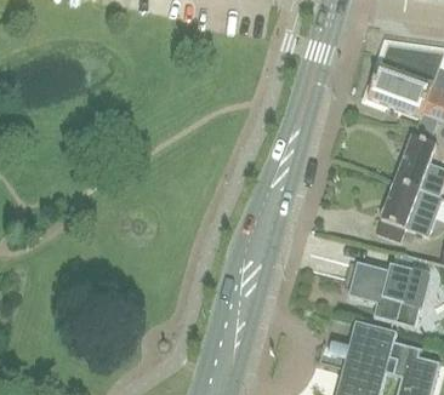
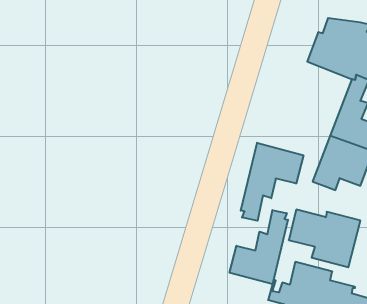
building: none -> [241,143,303,221]
building: none -> [230,210,288,284]

